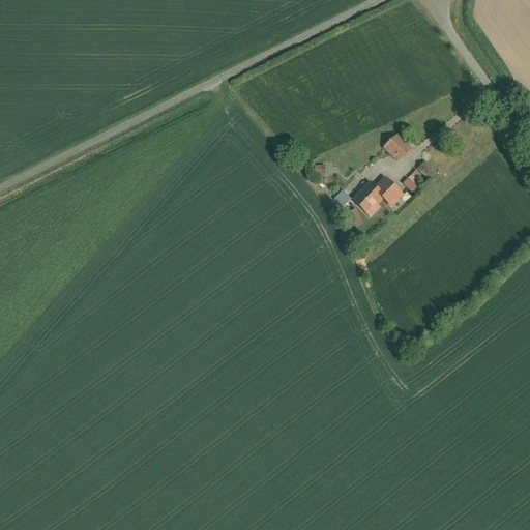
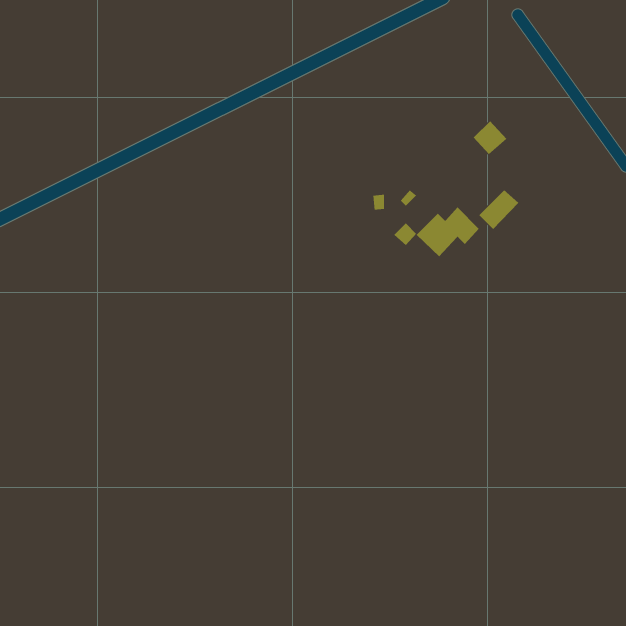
building: [382,132,411,161] -> [473,120,507,155]

